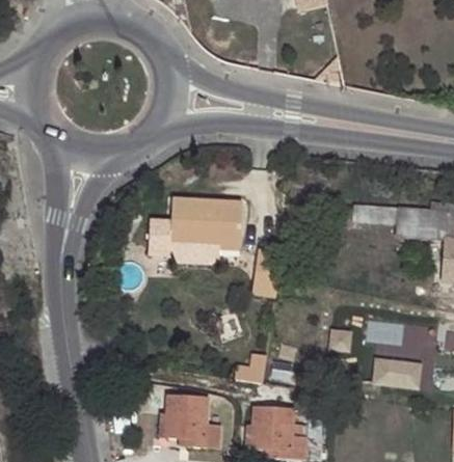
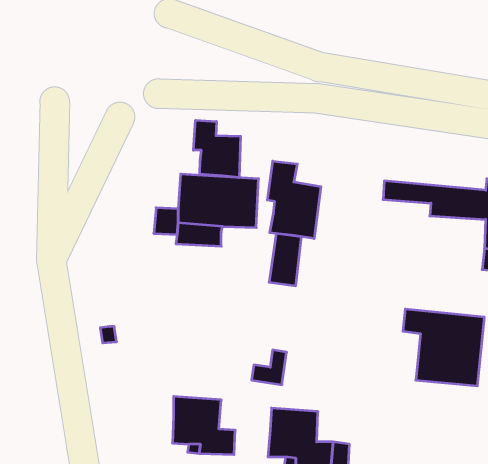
building: none -> [193,120,241,178]
building: none -> [267,161,321,239]

